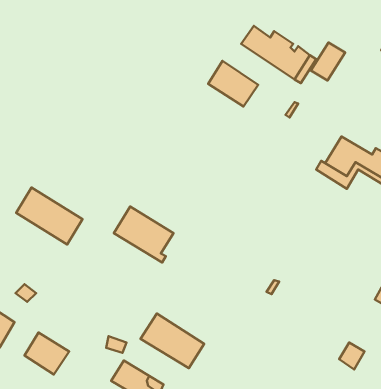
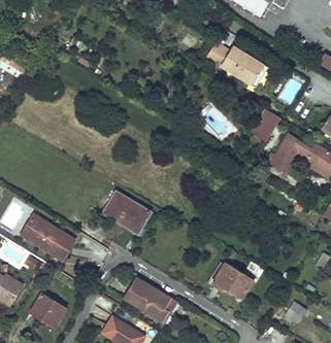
building: [311,42,345,81] -> [253,108,280,139]
building: [208,61,258,107] -> none
building: [16,187,82,245] -> [22,213,75,260]
building: none -> [212,261,264,298]

